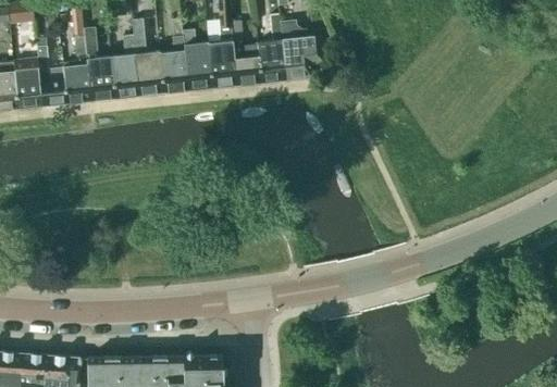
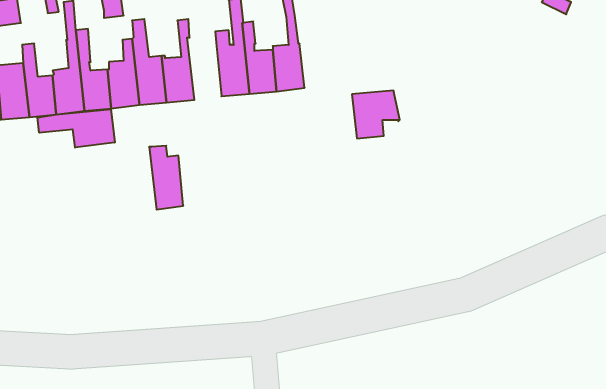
building: [182,34,212,90] -> [149,146,183,209]
building: [282,37,324,79] -> [352,91,400,138]
building: none -> [37,109,115,148]

